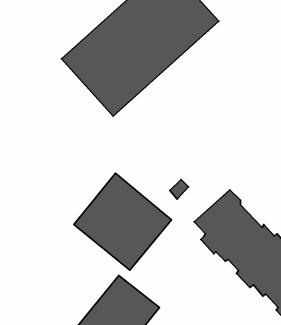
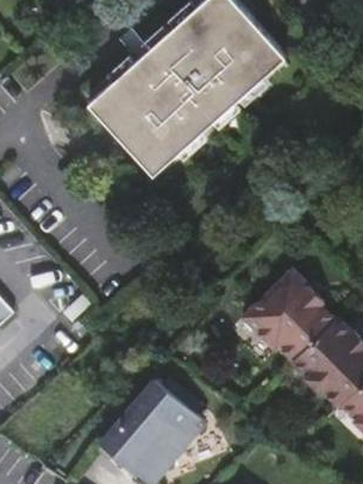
building: [74,173,172,270] -> none

